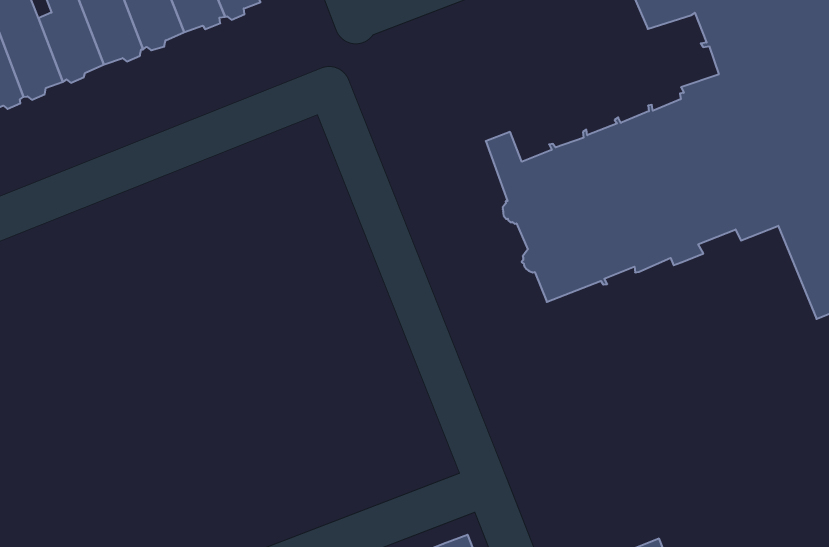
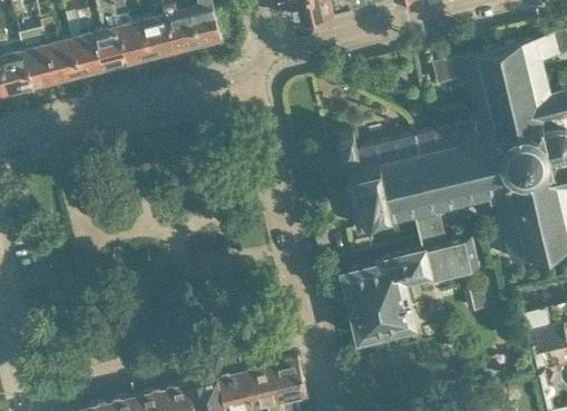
building: none -> [335,216,479,341]

